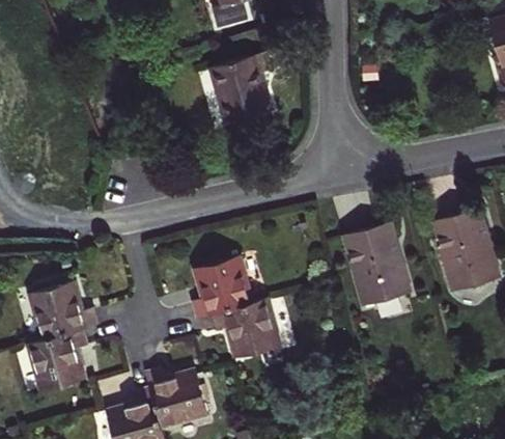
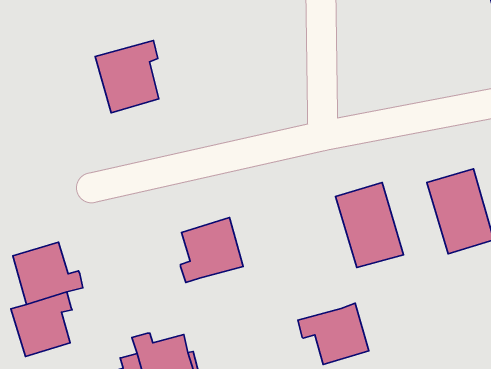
building: [211,53,273,124] -> [95,41,159,113]
building: [212,299,281,359] -> [298,303,369,365]

